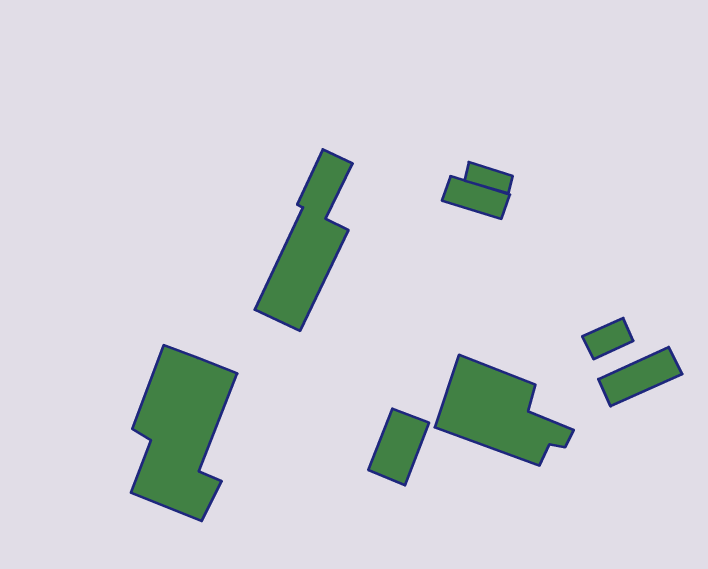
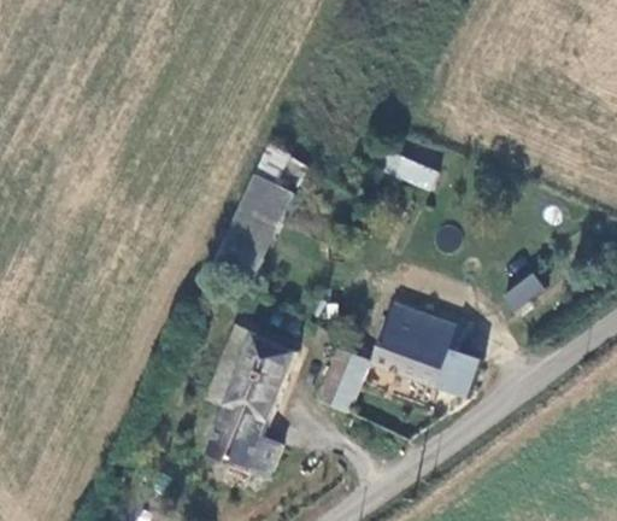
building: [131,345,237,521] -> [206,326,296,475]
building: [598,347,682,406] -> none

